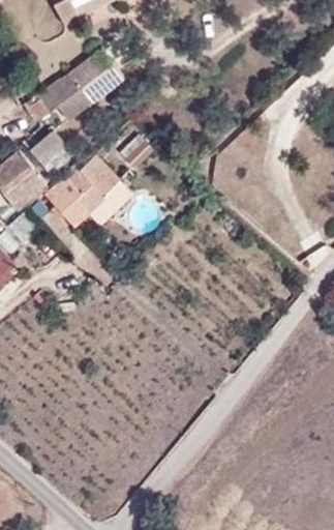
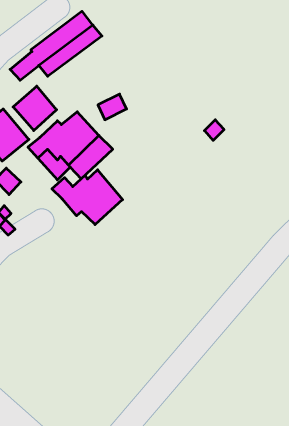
building: none -> [52,170,123,225]

